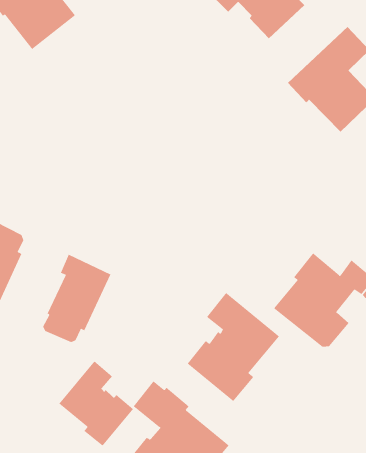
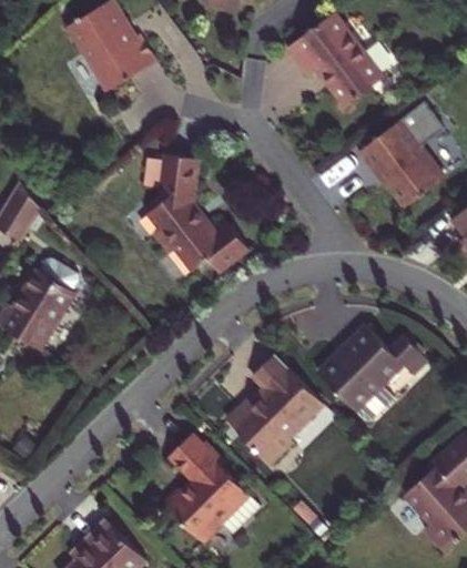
building: none -> [148,153,247,272]
building: [43,254,111,343] -> none
building: [58,360,134,447] -> none

